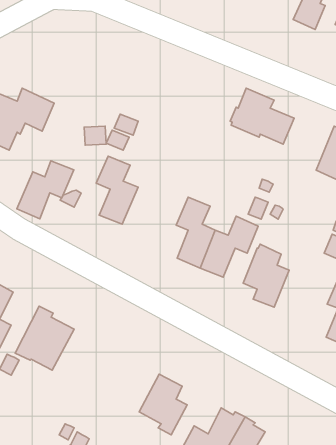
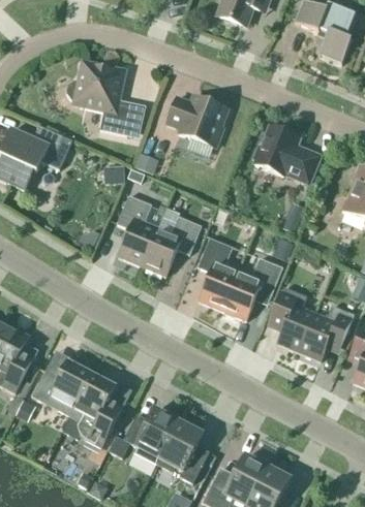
building: none -> [66,62,146,137]
building: none -> [166,95,227,148]
building: [17,161,74,219] -> [142,216,201,276]
building: none -> [299,306,354,360]
building: none -> [69,374,131,449]
building: none -> [123,406,180,460]

